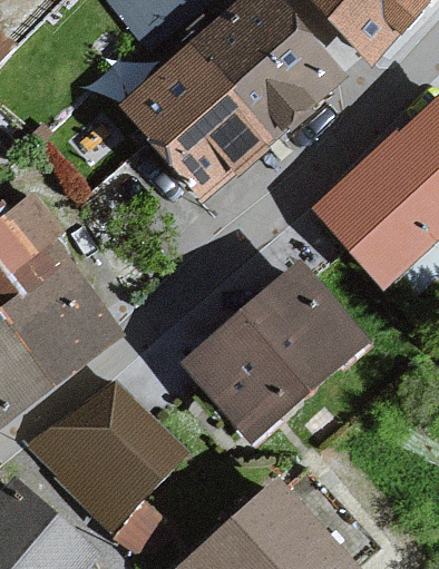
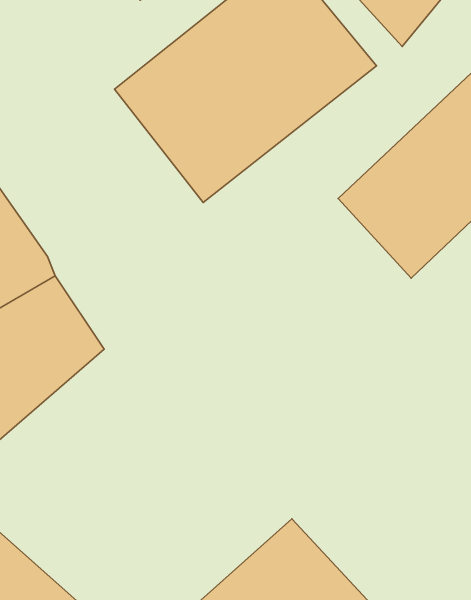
building: [186,265,372,443] -> none
building: [31,377,192,531] -> none

